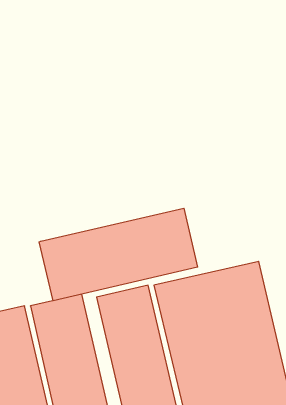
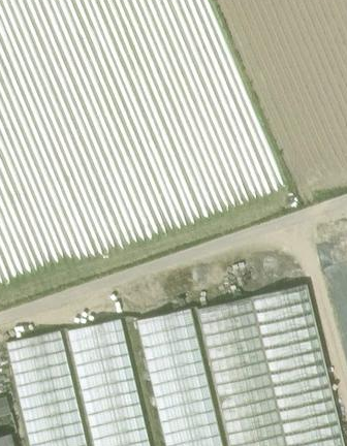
building: [39,208,198,301] -> none

